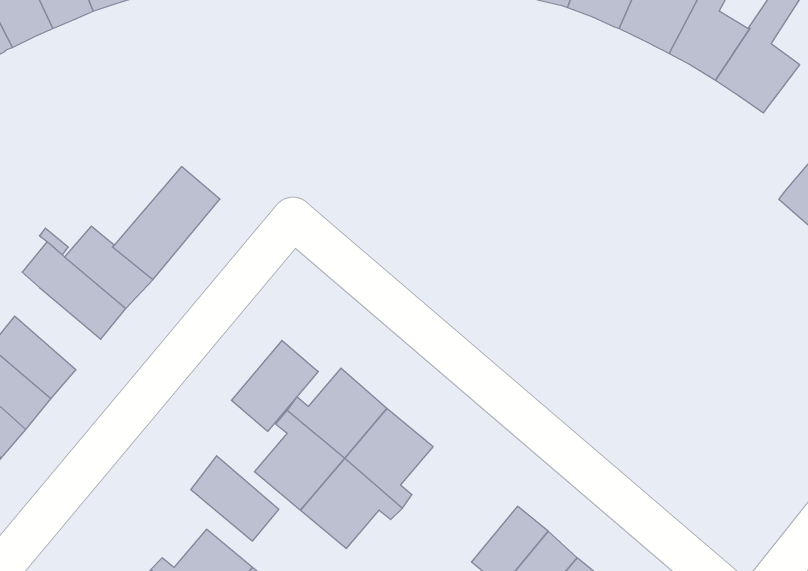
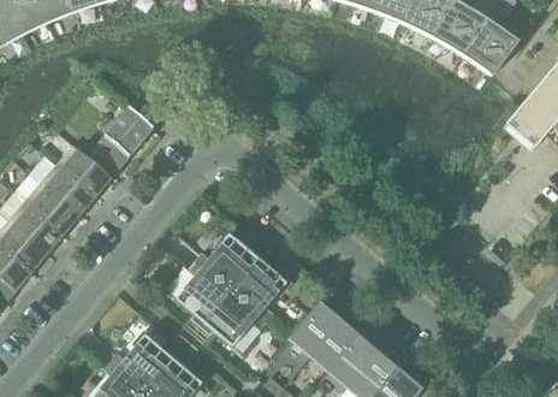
building: none -> [25,183,79,235]
building: [231,340,318,431] -> none
building: [191,456,279,541] -> none
building: none -> [292,303,340,355]

